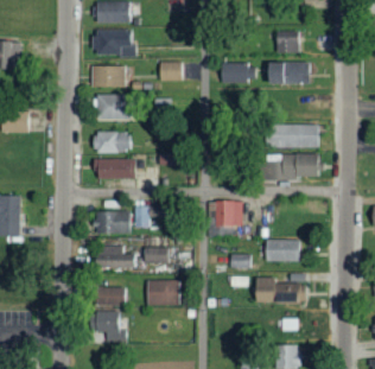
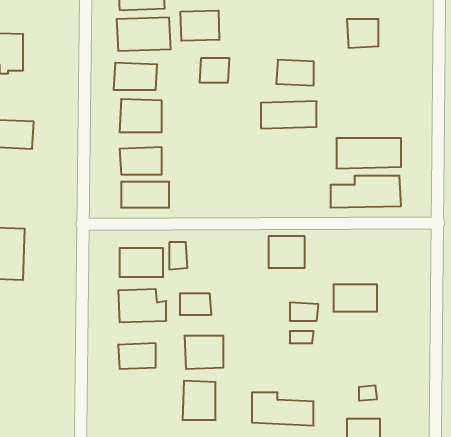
building: none -> [181,10,219,41]
building: [266,63,310,84] -> [261,101,317,128]
building: [255,278,304,304] -> [252,392,314,426]
building: [93,311,119,342] -> [182,381,216,420]

